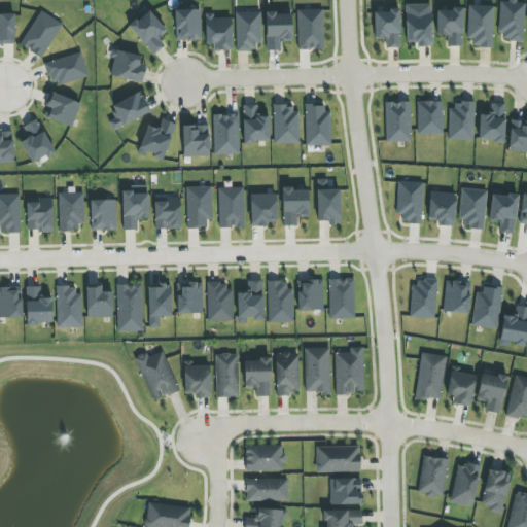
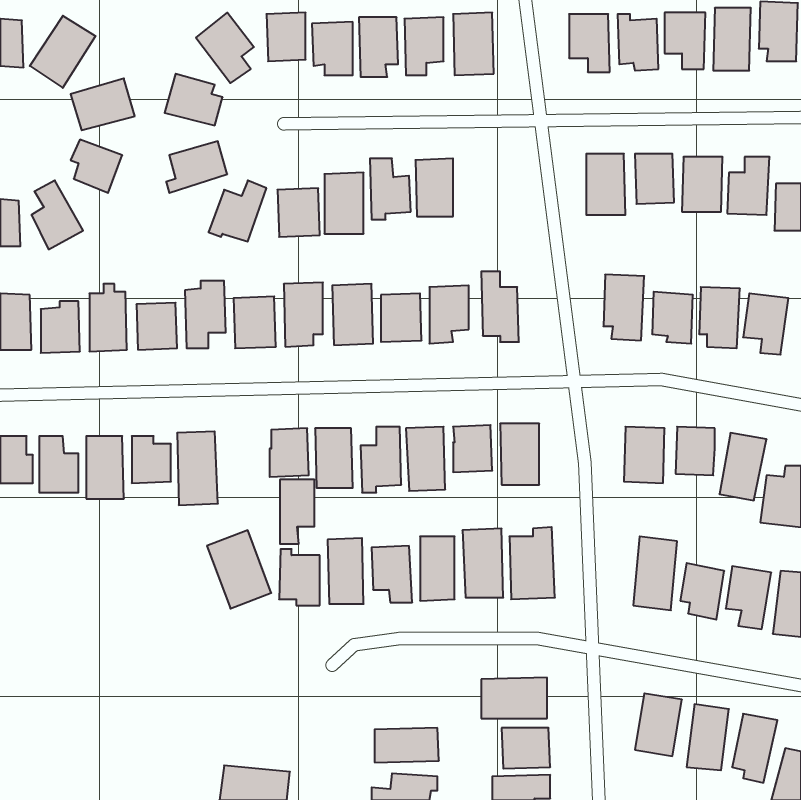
building: [305,104,330,145] -> none
building: [148,284,171,326] -> [280,480,314,544]
building: [245,444,283,471] -> none

